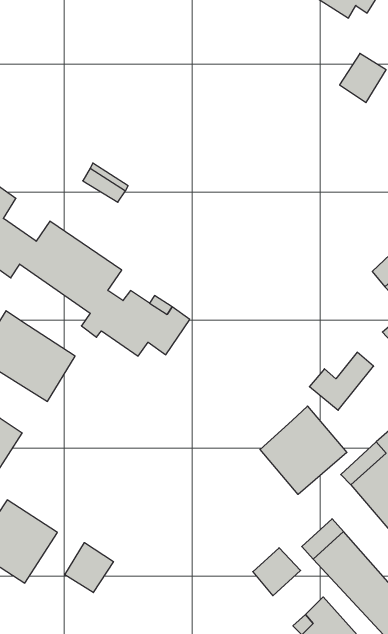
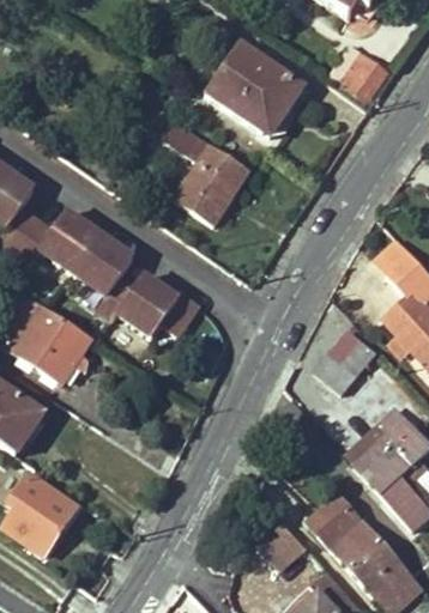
building: none -> [209,43,304,128]
building: none -> [164,123,250,225]
building: [260,406,347,494] -> none
building: [65,543,113,593] -> none

